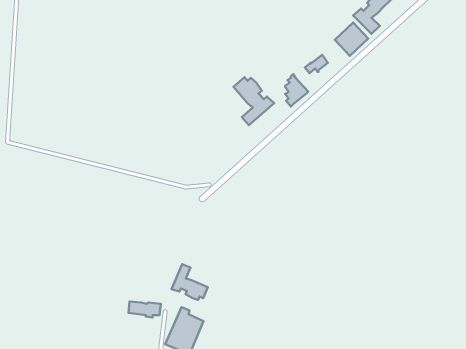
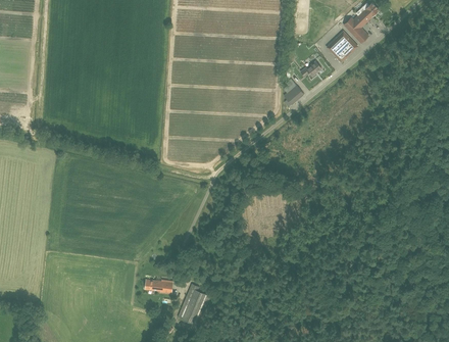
building: [234,77,274,125] -> none
building: [171,264,208,300] -> none

